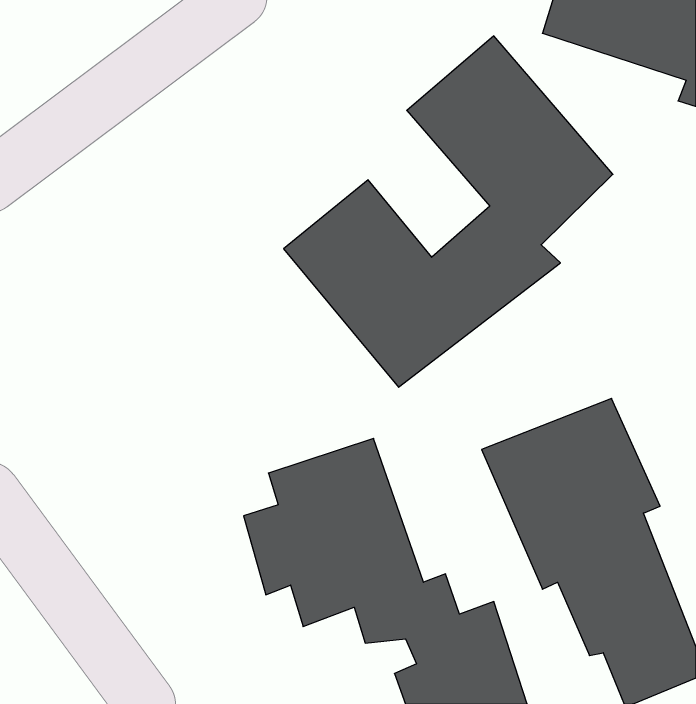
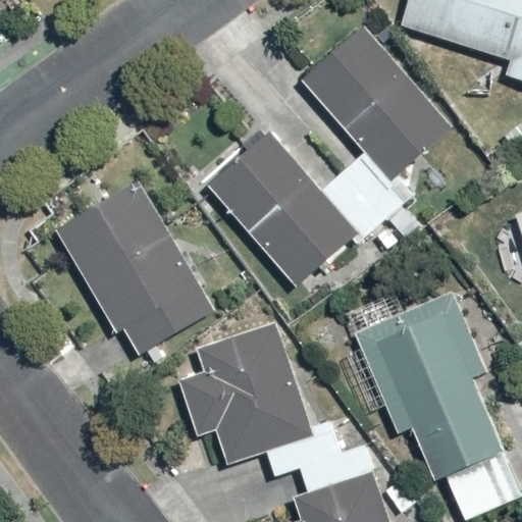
building: none -> [54,182,216,356]

